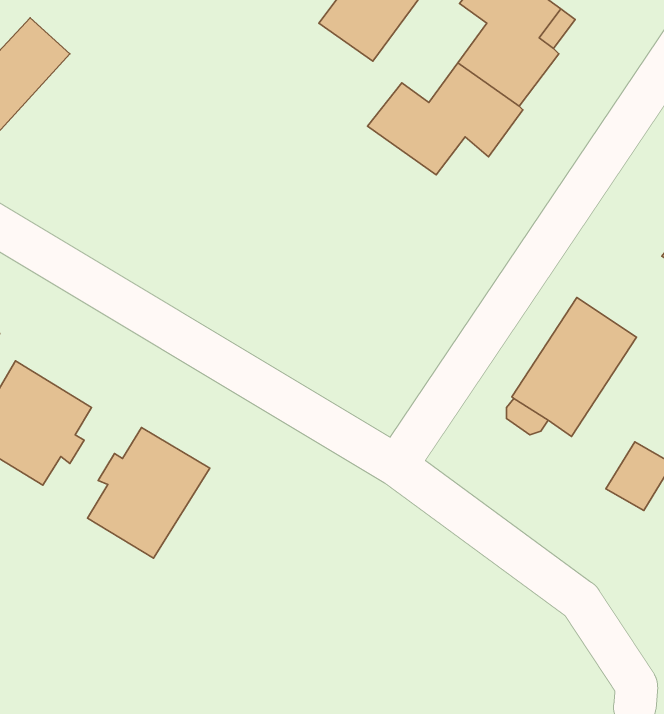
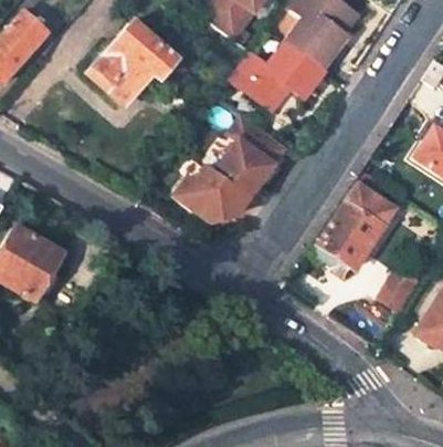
building: none -> [89,20,176,105]
building: none -> [176,116,285,224]
building: [88,427,210,558] -> none

